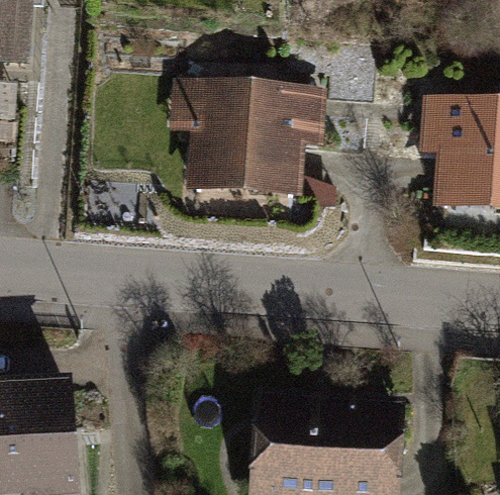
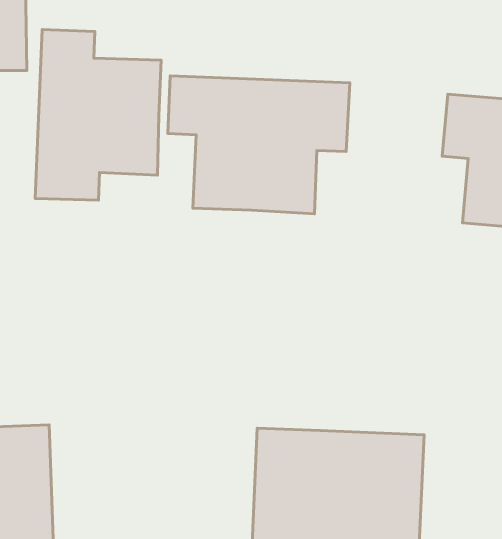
building: none -> [35,29,161,200]

